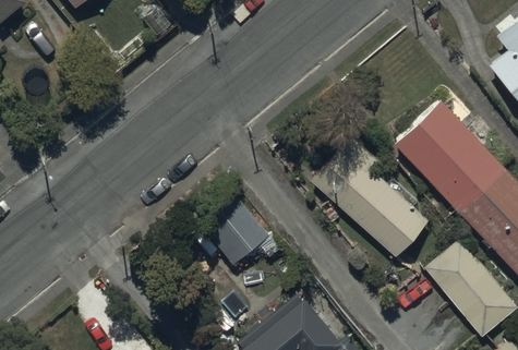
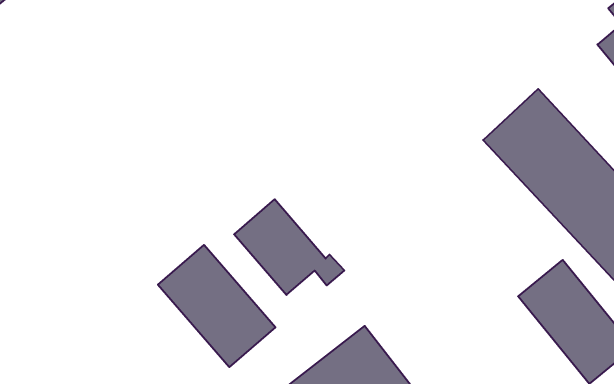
building: [303,131,427,258] -> none
building: none -> [158,245,275,367]

